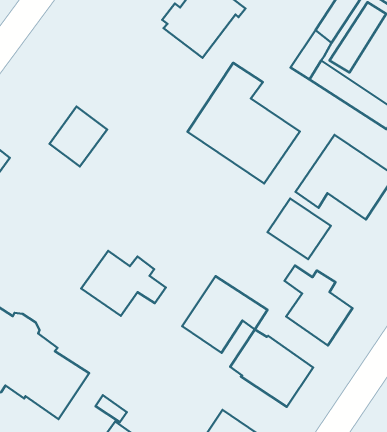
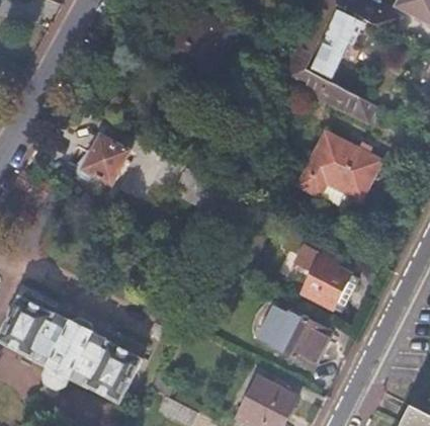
building: [187,63,300,184] -> none
building: [267,199,331,259] -> none
building: [81,251,166,316] -> none
building: [182,276,267,353] -> none

